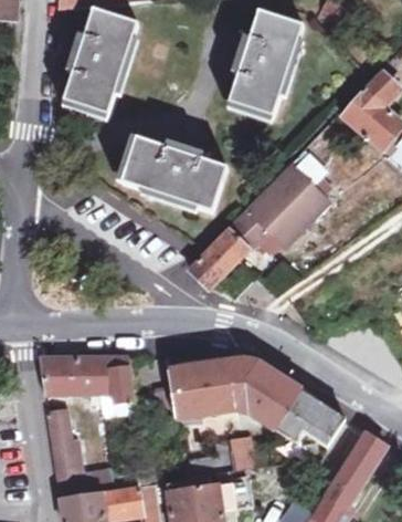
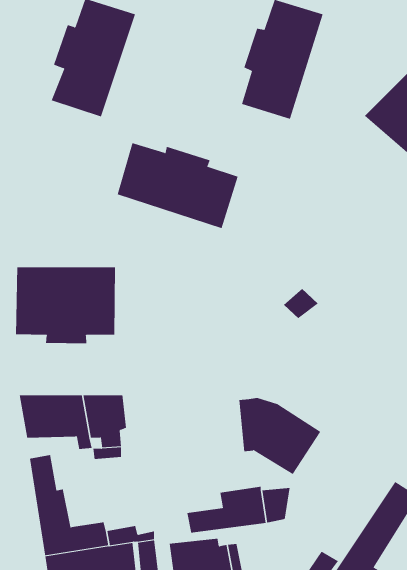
building: [189,161,335,288] -> none
building: none -> [16,267,115,344]
building: [152,356,233,419] -> none
building: [276,389,345,446] -> none

